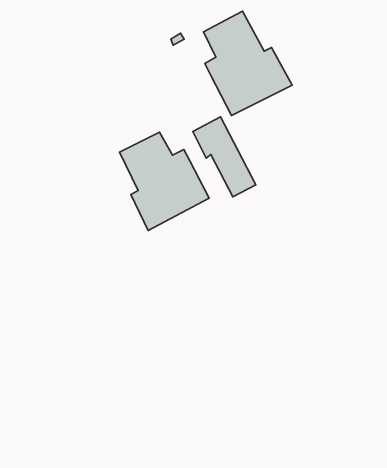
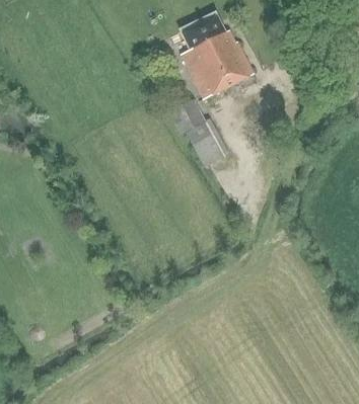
building: [119,132,209,231] -> none

